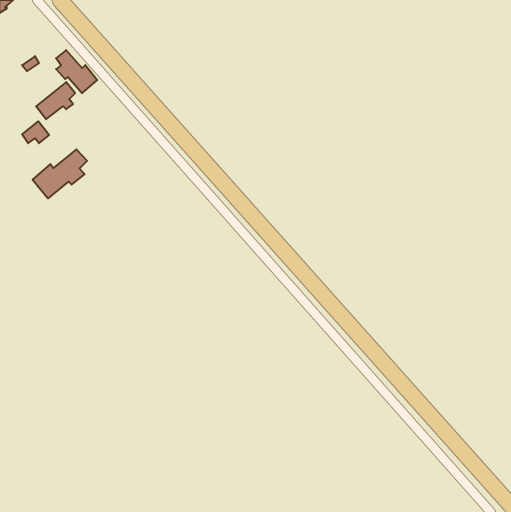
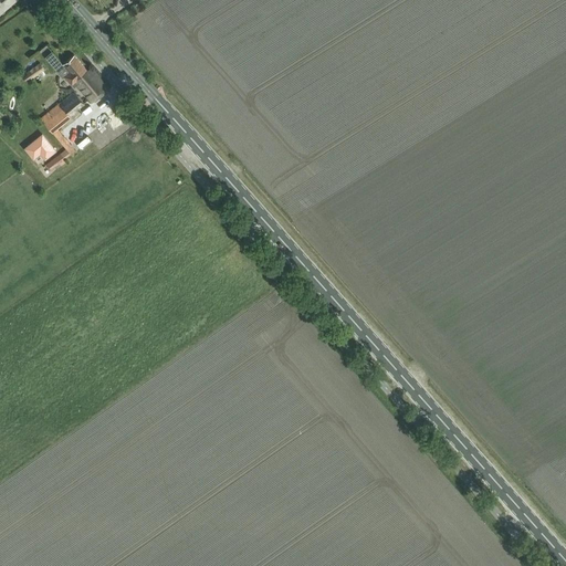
building: [33,149,87,198] -> none

